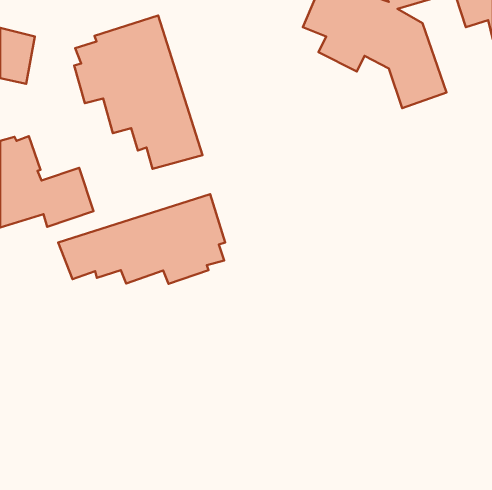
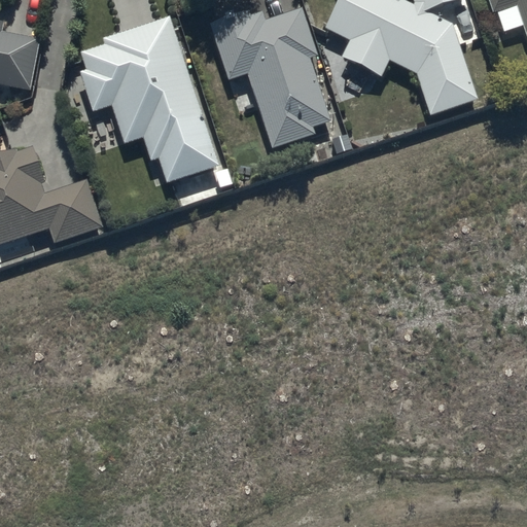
building: none -> [208,7,331,146]
building: [58,194,225,284] -> none

